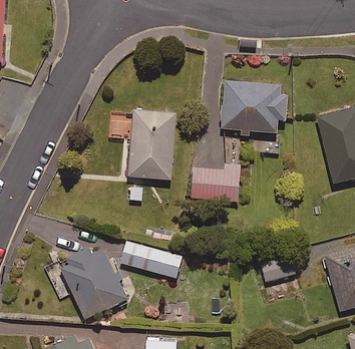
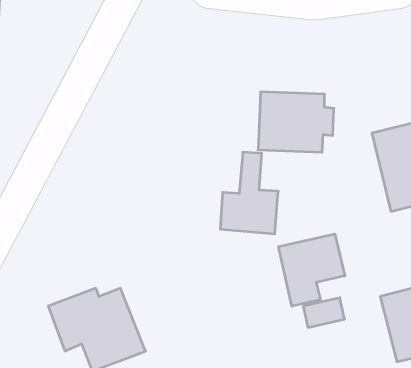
building: [127,109,174,180] -> none
building: none -> [279,234,345,306]
building: [119,241,181,278] -> none

